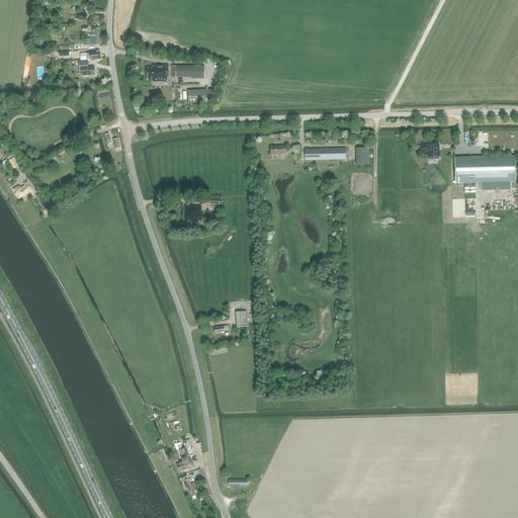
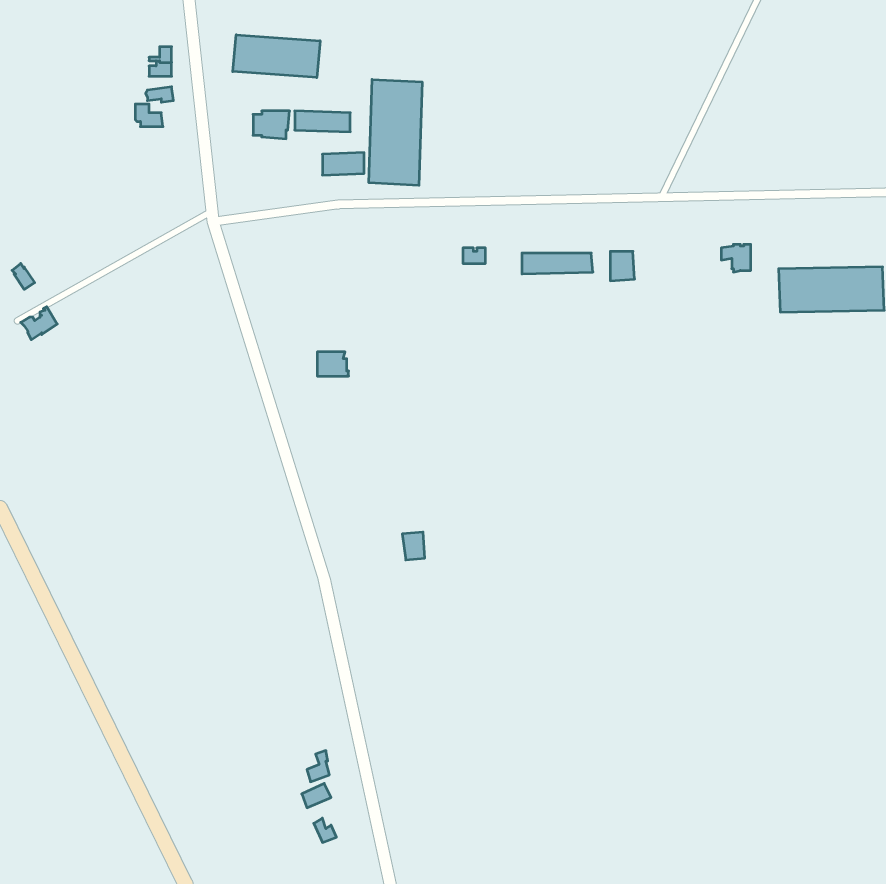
building: none -> [233,35,320,78]
building: none -> [369,79,422,185]

